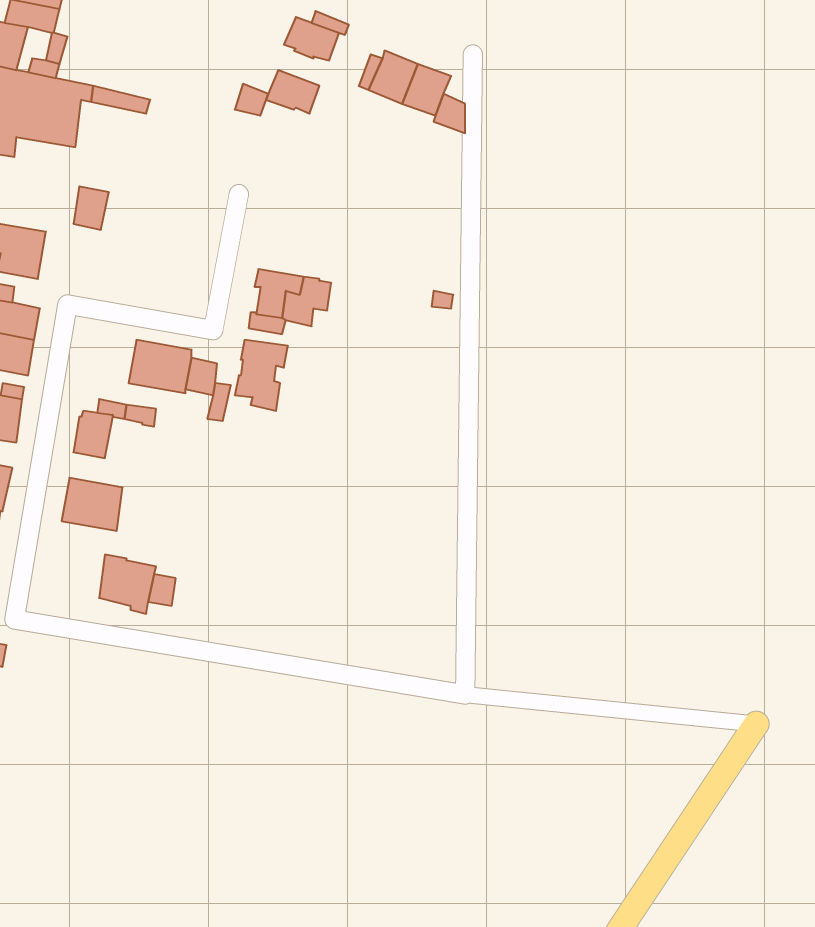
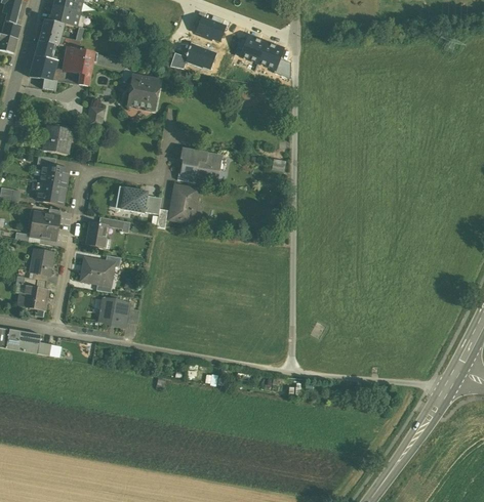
building: none -> [127,75,159,112]

